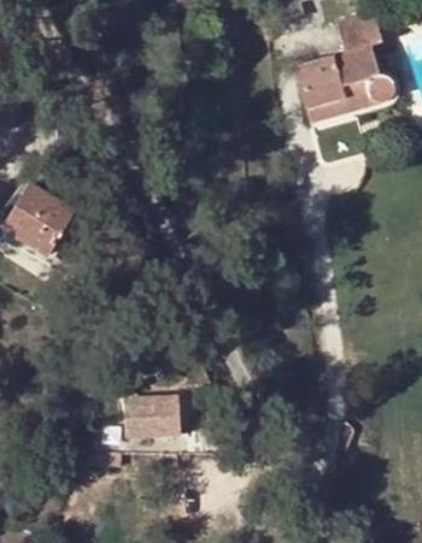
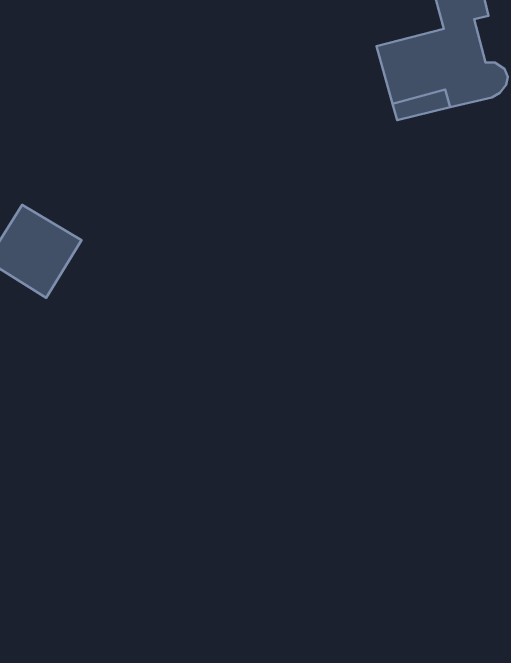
building: [125,399,178,436] -> none

